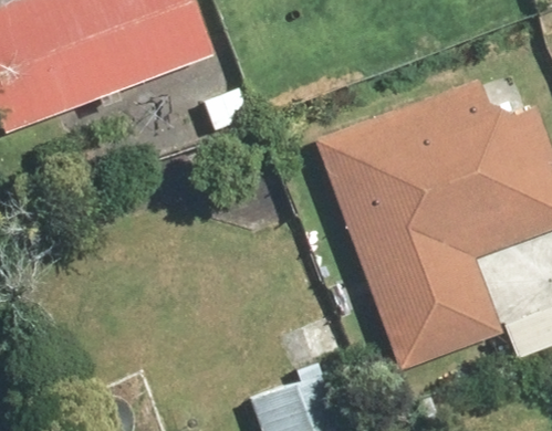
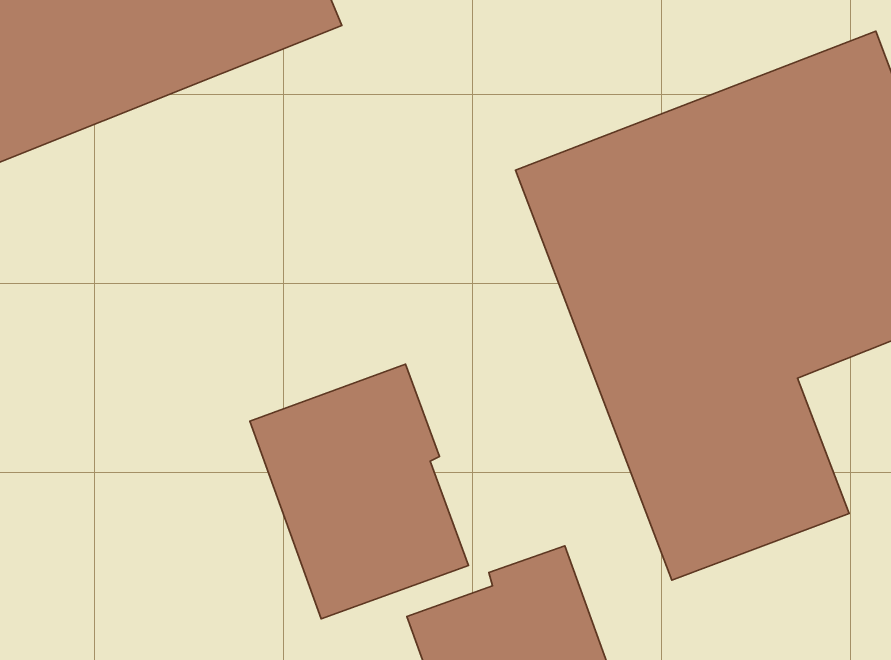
building: none -> [250,364,468,619]

